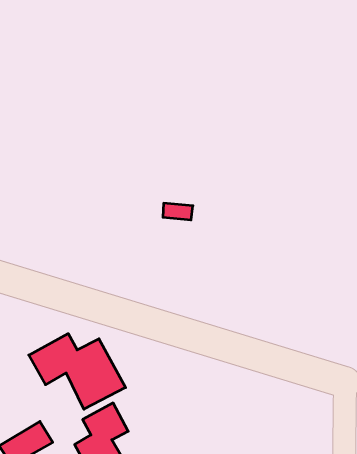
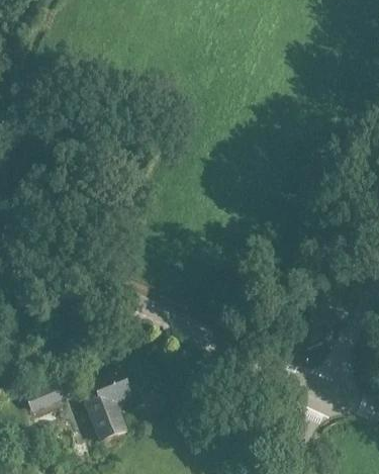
building: [29,334,126,409] -> none

